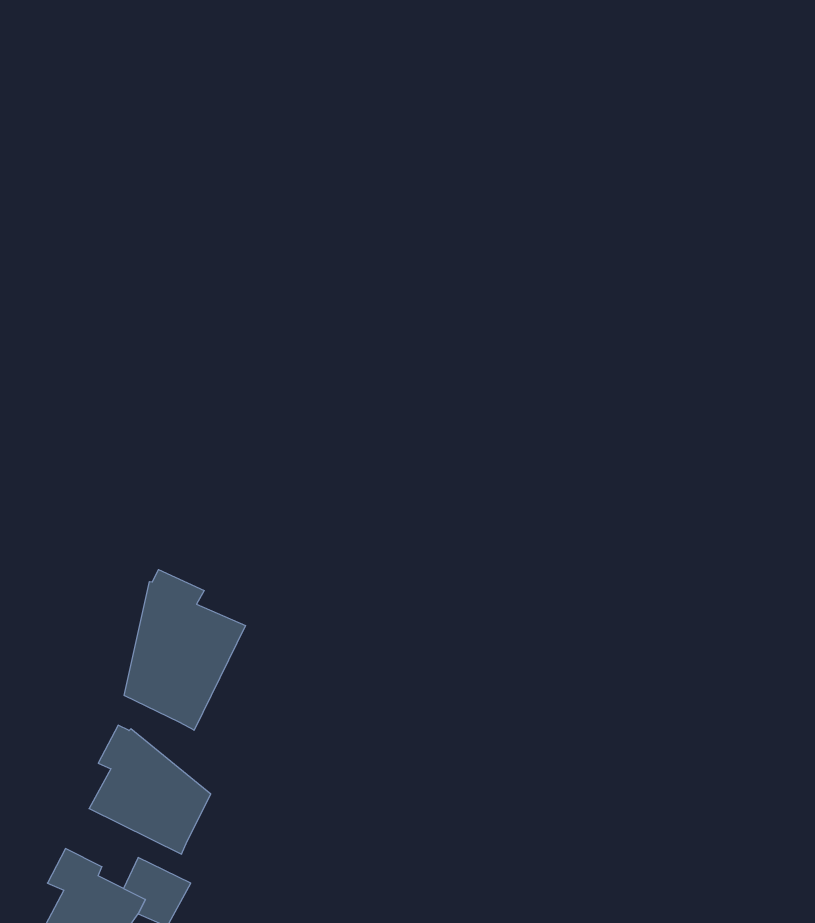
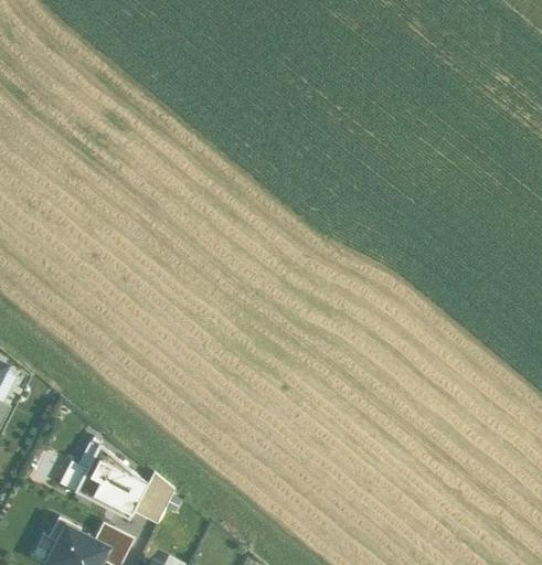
building: [124,570,245,730] -> none
building: none -> [131,472,172,523]

